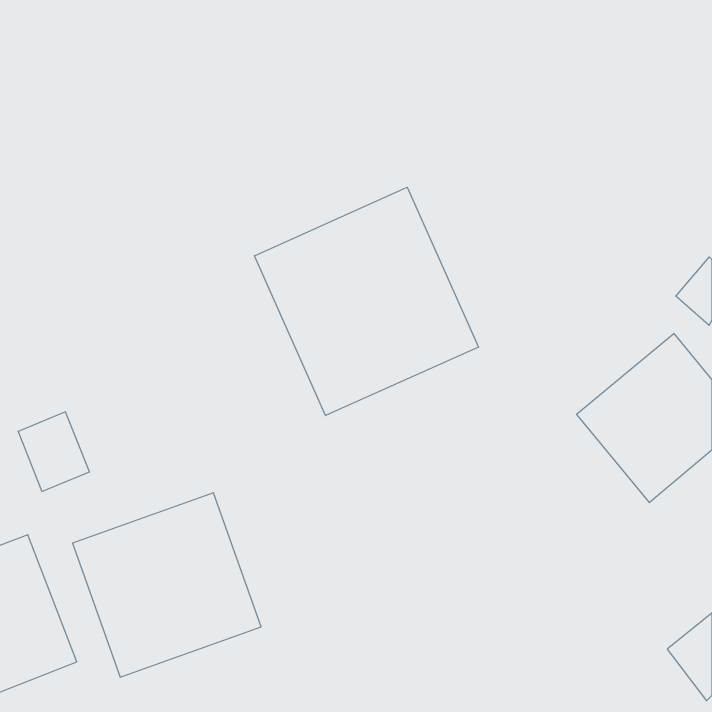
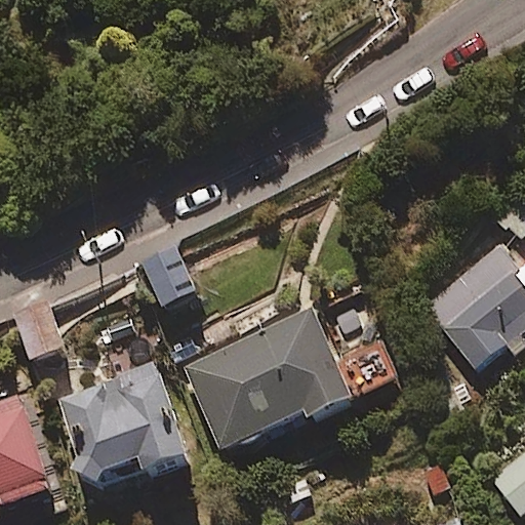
building: [254,187,478,416] -> none
building: none -> [183,306,355,450]

